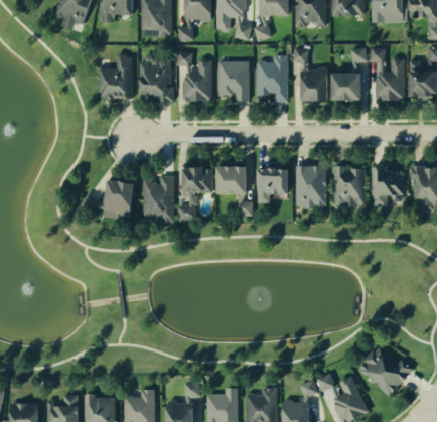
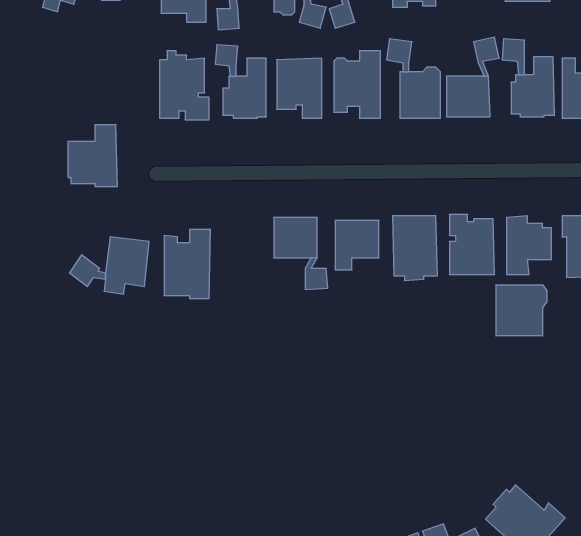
building: [99,56,132,98] -> [68,125,117,186]
building: [177,169,212,221] -> none
building: none -> [496,285,547,336]

